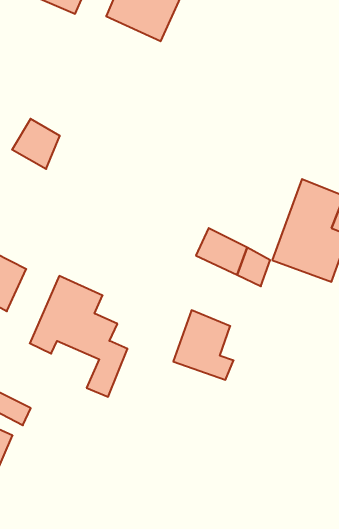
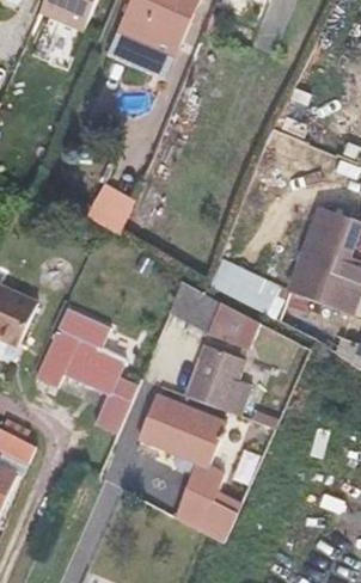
building: [12,119,60,169] -> [85,183,135,235]
building: none -> [169,281,259,348]
building: none -> [137,393,237,540]

